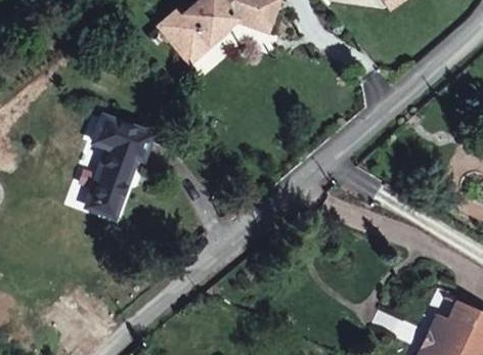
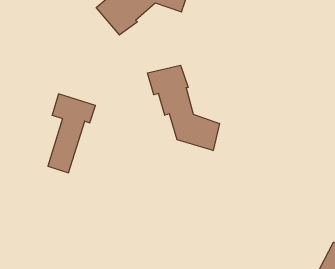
building: none -> [148,65,219,151]

